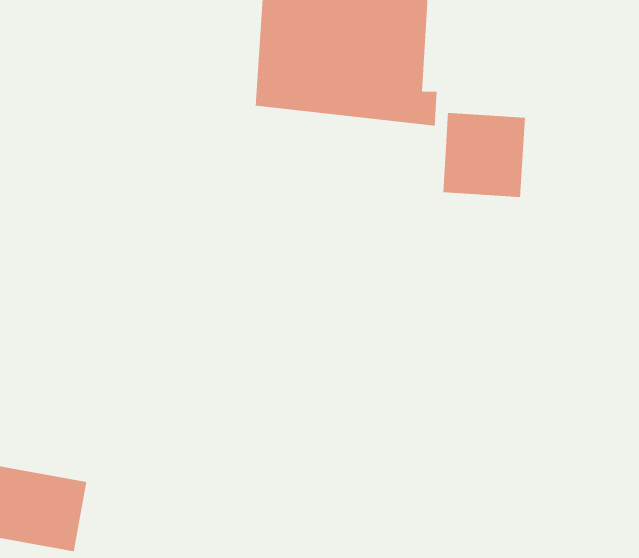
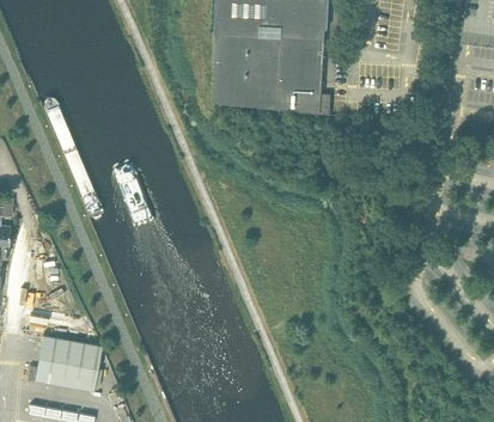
building: [443,112,525,198] -> none

